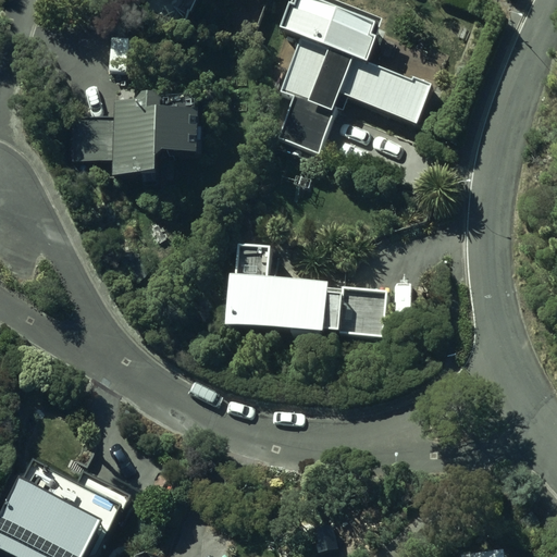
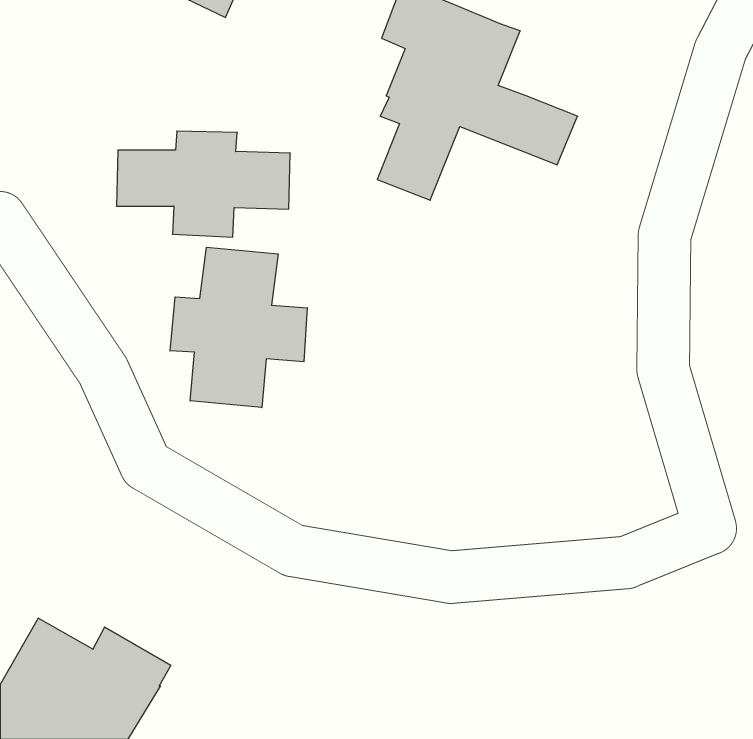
building: none -> [170,247,307,408]
building: [222,238,380,337] -> none

